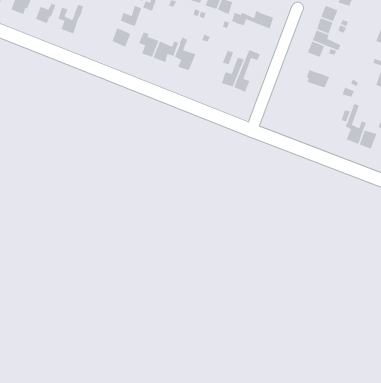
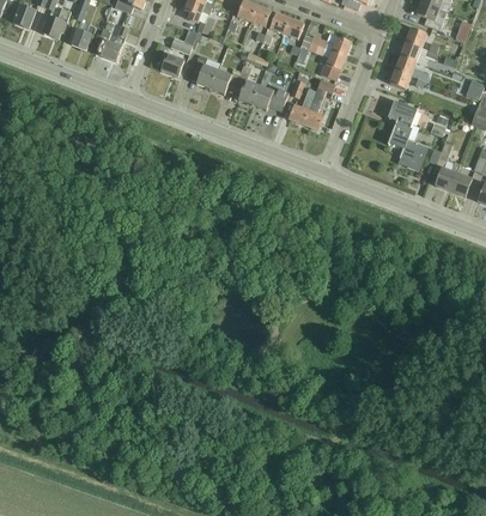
building: none -> [316,44,346,79]
building: none -> [251,84,288,110]
building: none -> [388,120,426,168]

